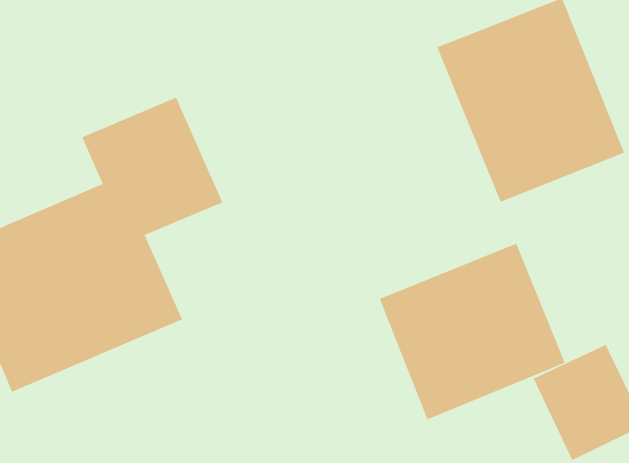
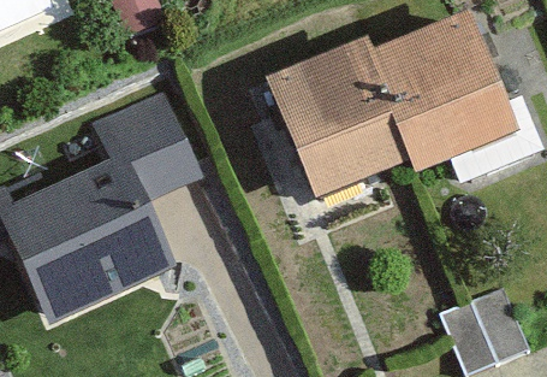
building: none -> [266,40,415,198]
building: [379,243,566,420] -> none

